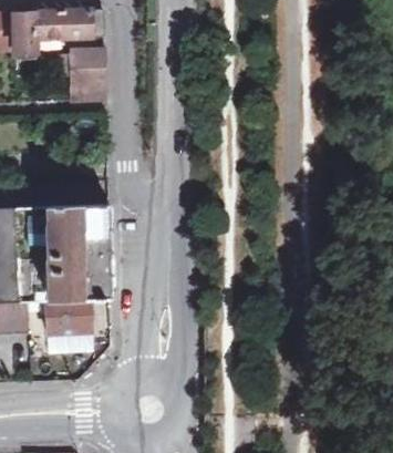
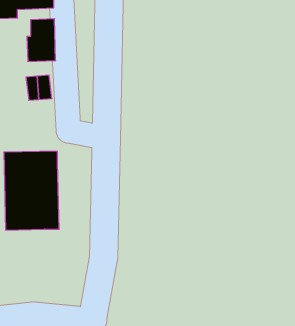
building: [44,299,91,334] -> none

